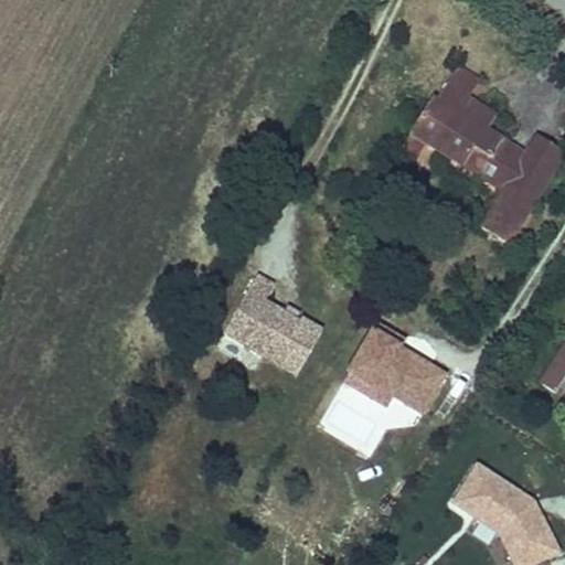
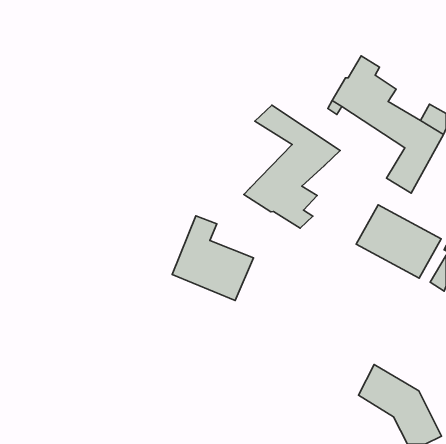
building: none -> [244,105,340,228]
building: [339,331,446,424] -> [356,205,441,278]

